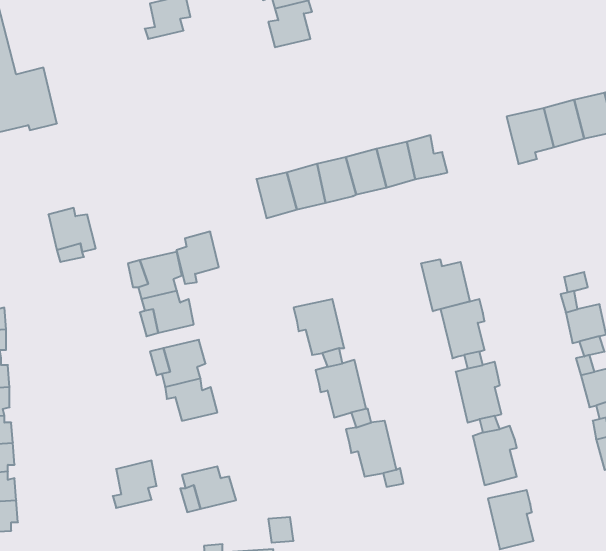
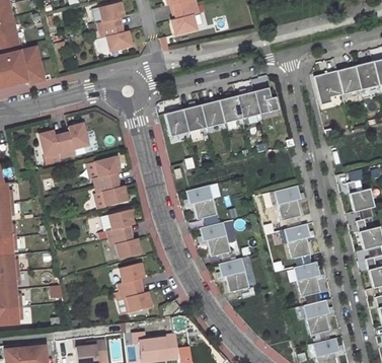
building: none -> [99,24,132,51]
building: [176,232,219,284] -> [63,124,88,155]
building: [421,259,470,311] -> none
building: [113,461,157,508] -> [118,263,144,291]

